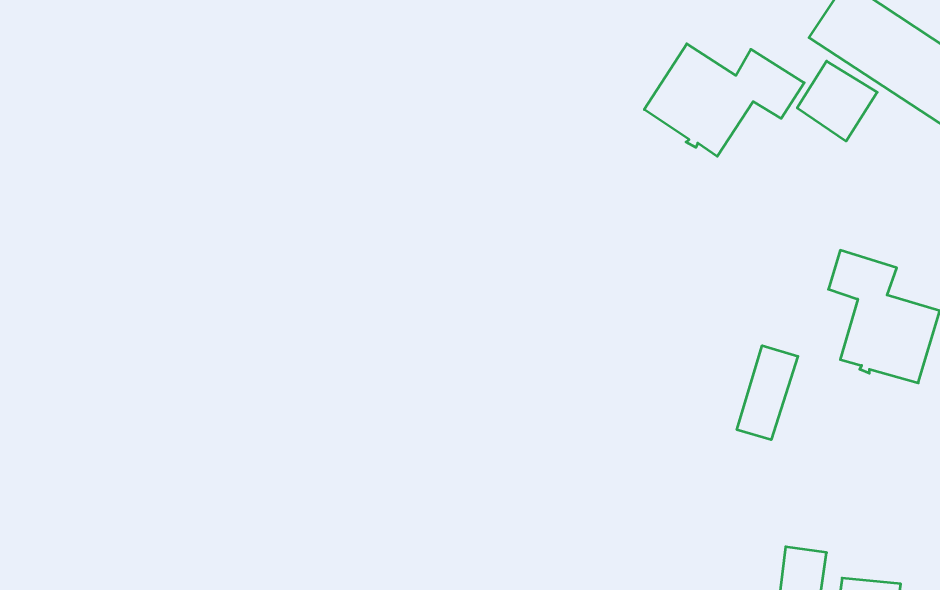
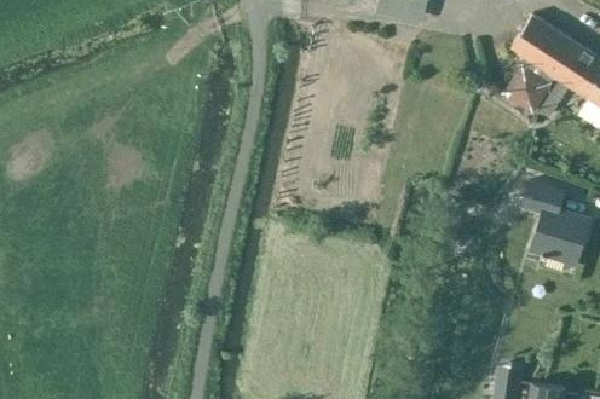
building: [644,44,804,156] -> none
building: [737,346,798,440] -> none

